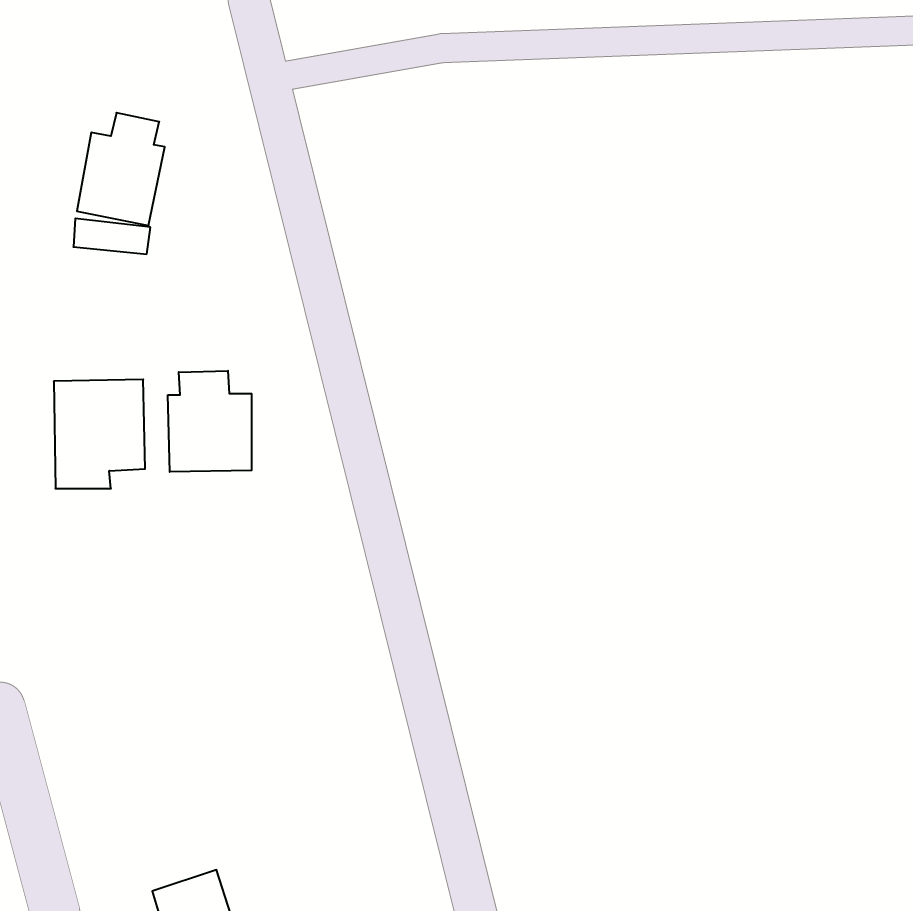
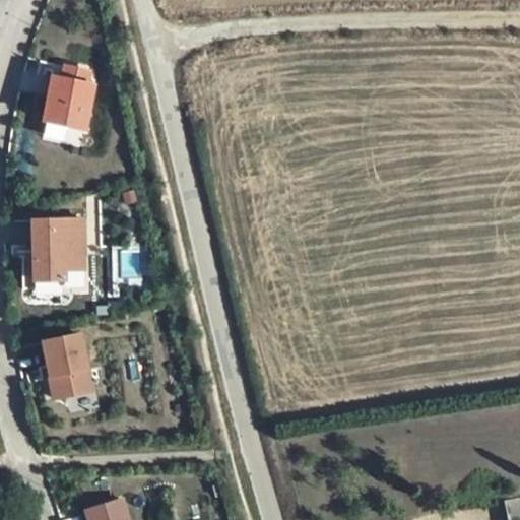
building: [168,371,252,472] -> none
building: none -> [42,332,91,396]

